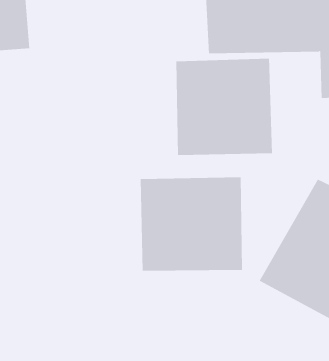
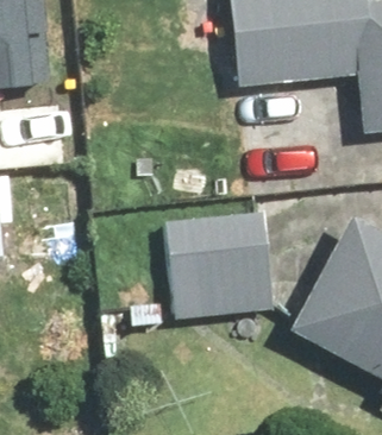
building: [176,58,272,156] -> none

